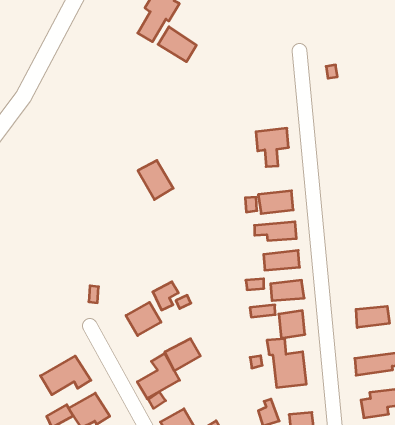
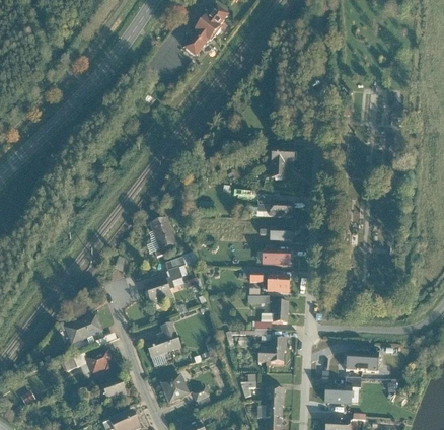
building: [158,27,196,62] -> none
building: [138,160,173,200] -> [149,217,176,249]
building: [356,306,389,328] -> none
building: [165,339,200,371] -> none

